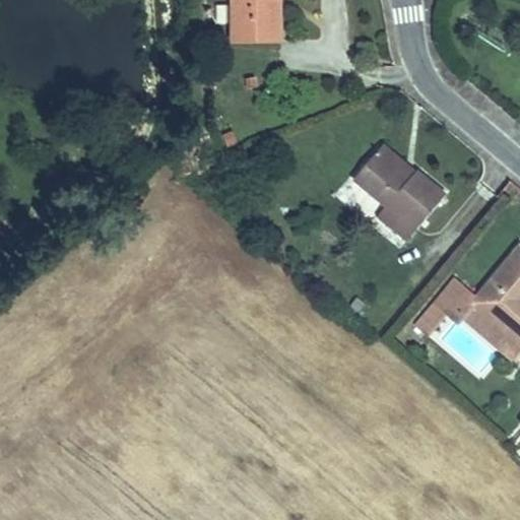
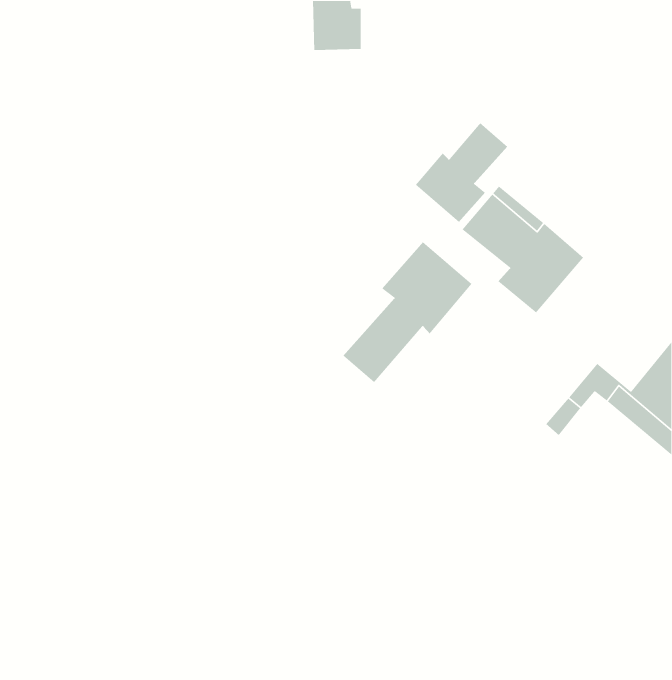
building: none -> [415,122,508,223]
building: none -> [342,241,473,383]

